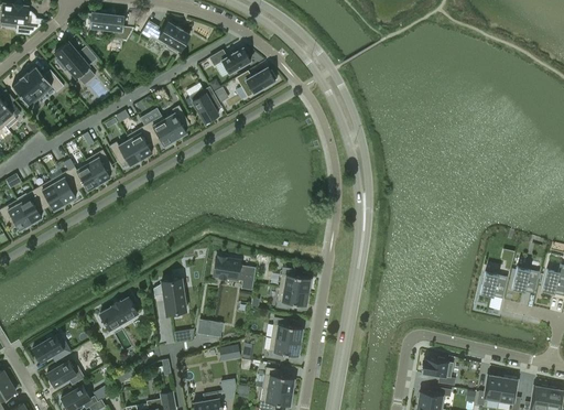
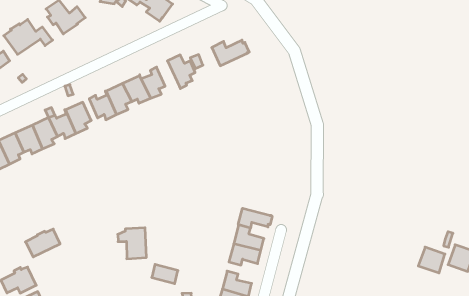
building: [209,48,250,74] -> none
building: none -> [238,208,272,228]
building: [213,256,240,281] -> none
building: [99,298,137,330] -> [25,229,60,257]

